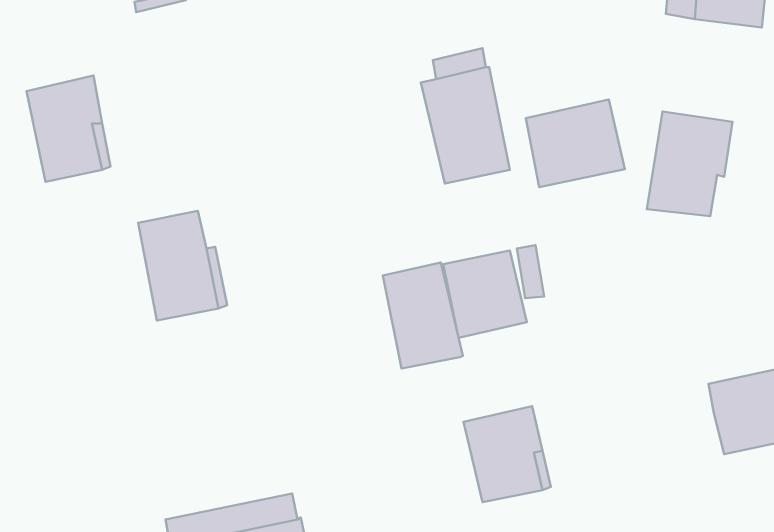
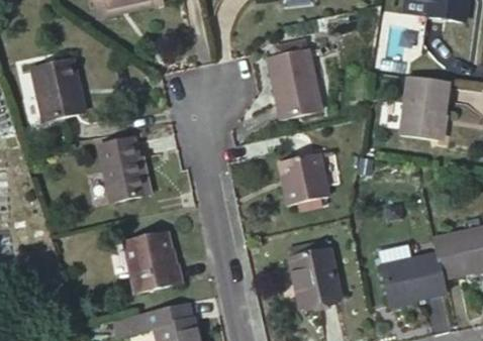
building: [526,99,625,187] -> none
building: [383,262,463,369] -> none
building: none -> [124,231,182,292]
building: none -> [382,254,448,306]

